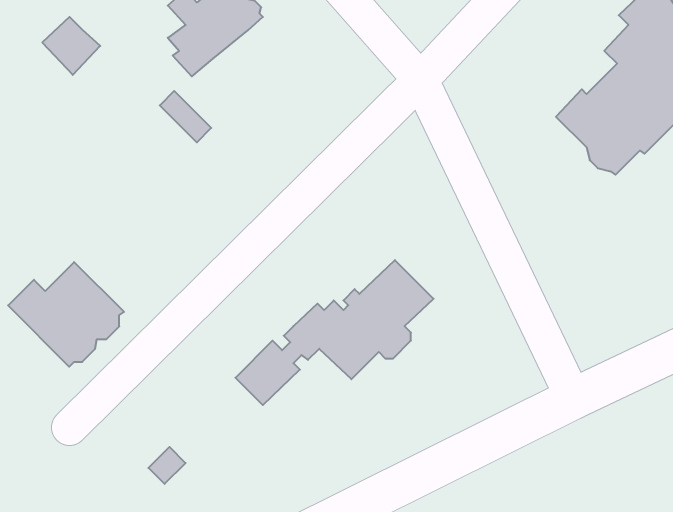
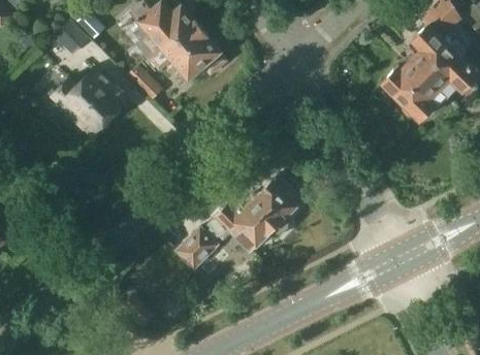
building: none -> [149,19,226,76]
building: [8,262,124,367] -> [53,67,127,134]

